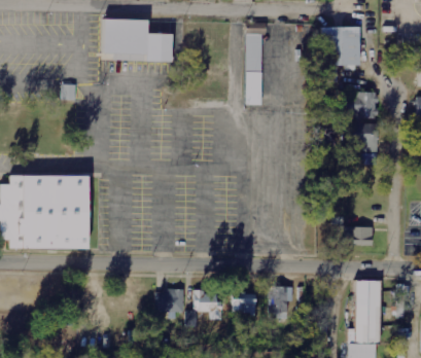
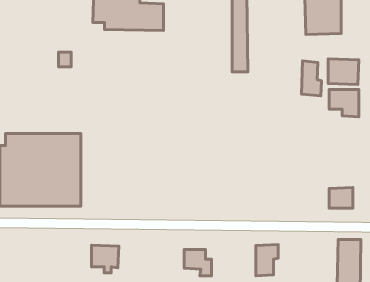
building: none -> [302,61,321,96]
building: [156,289,185,318] -> [91,245,119,273]
building: [233,293,257,314] -> none

